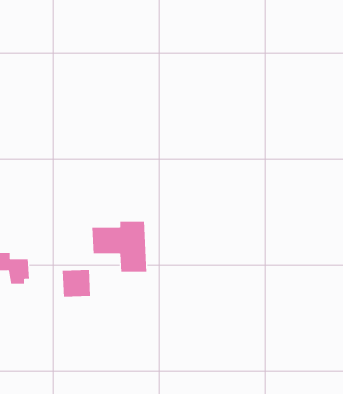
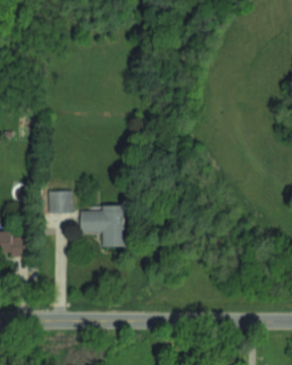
building: [62,269,91,297] -> [48,191,72,214]

